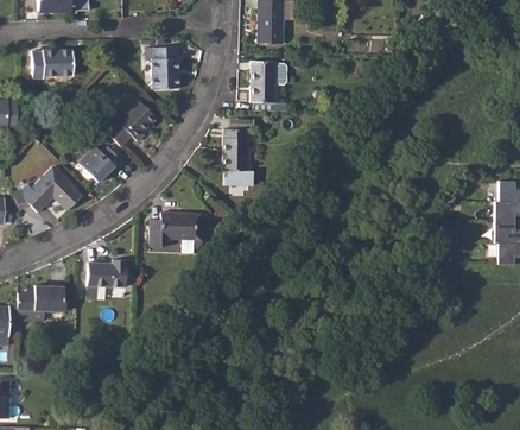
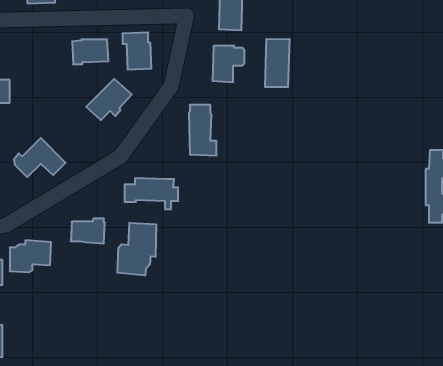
building: [32,50,74,78] -> [72,39,108,64]
building: none -> [265,39,289,87]
building: [78,146,123,182] -> none
building: none -> [117,223,156,276]

